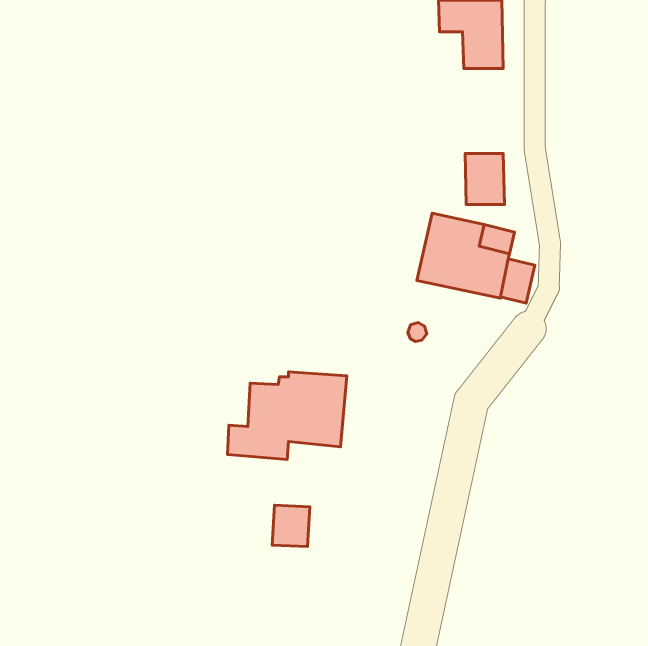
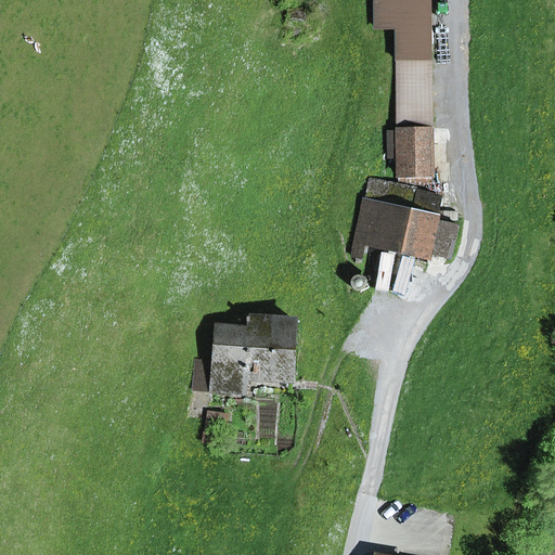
building: none -> [396,61,429,133]
building: [272,505,310,547] -> none

